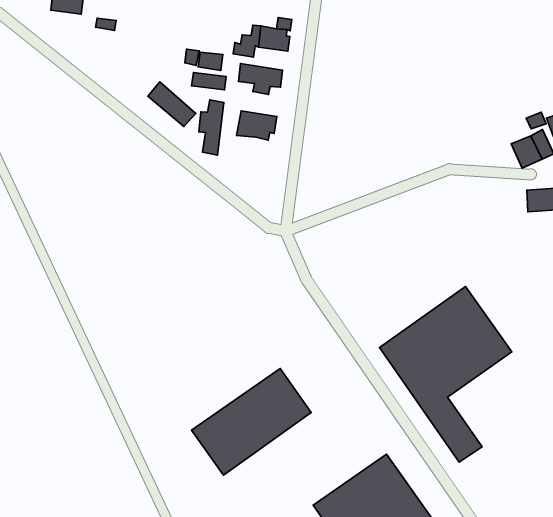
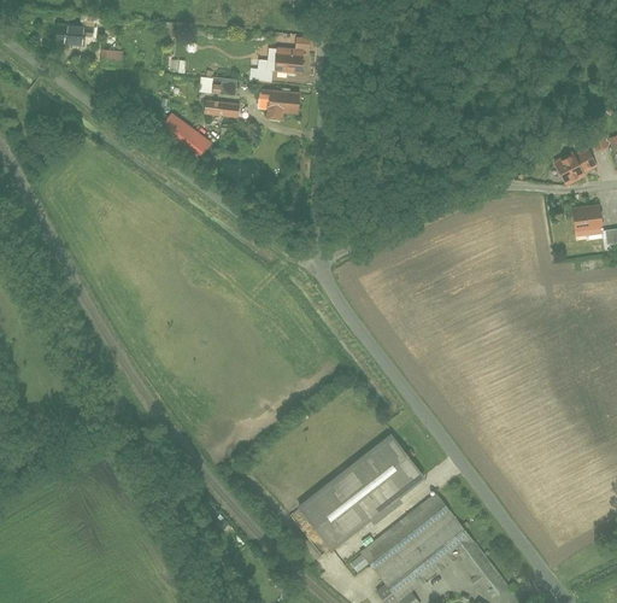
building: [199,100,224,155] -> none
building: [236,111,277,140] -> none
building: [379,287,512,462] -> none
building: [192,369,311,475] -> [298,438,423,554]

